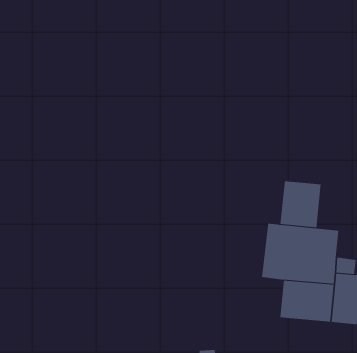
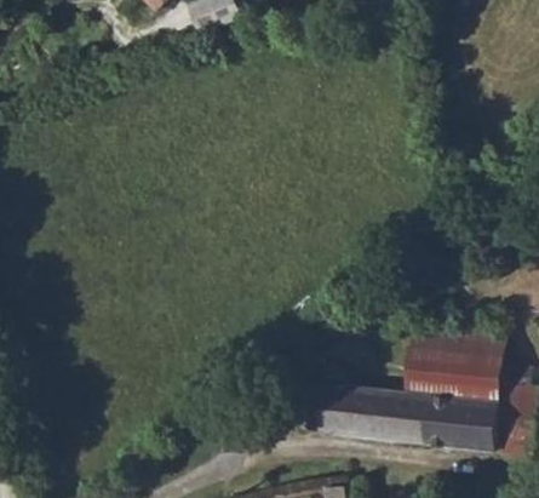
building: [280,180,321,228] -> none
building: none -> [294,385,428,447]

